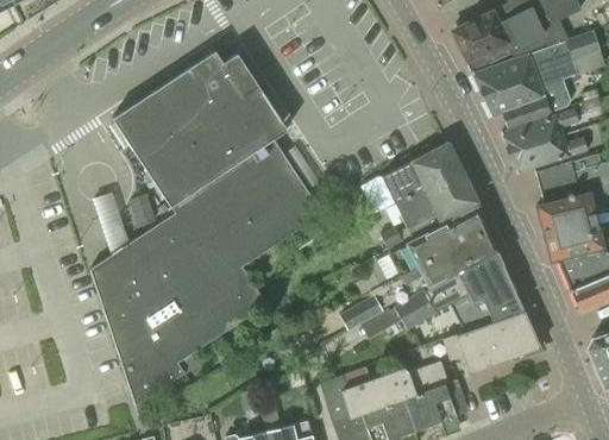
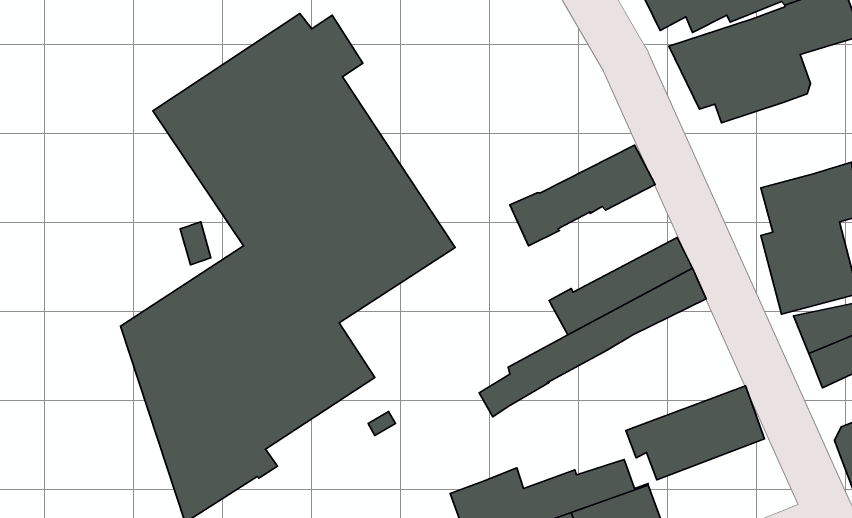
building: [502,109,589,174] -> none
building: [375,170,479,251] -> none
building: [360,252,522,339] -> none

